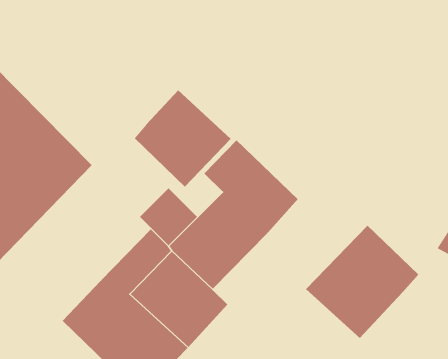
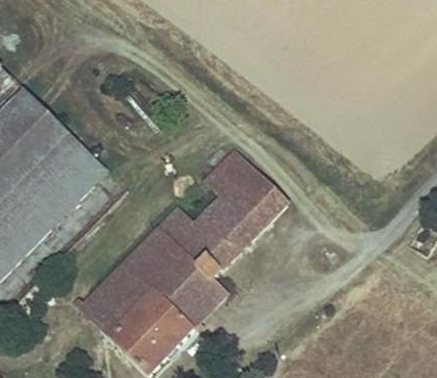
building: [134,90,231,187] -> none
building: [305,225,419,339] -> none

